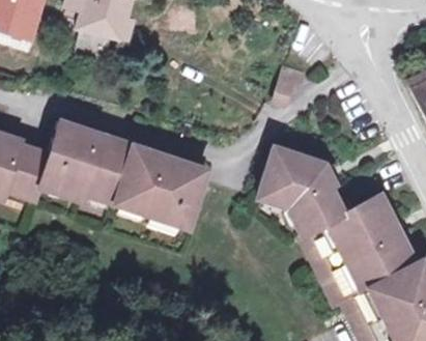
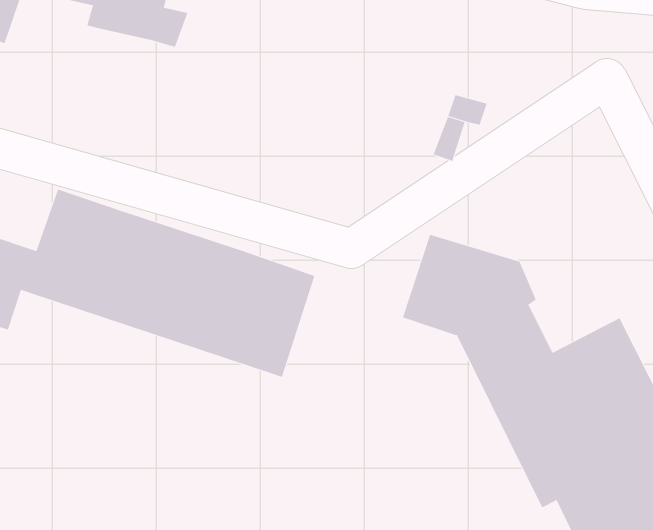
building: [76,26,114,58] -> none

